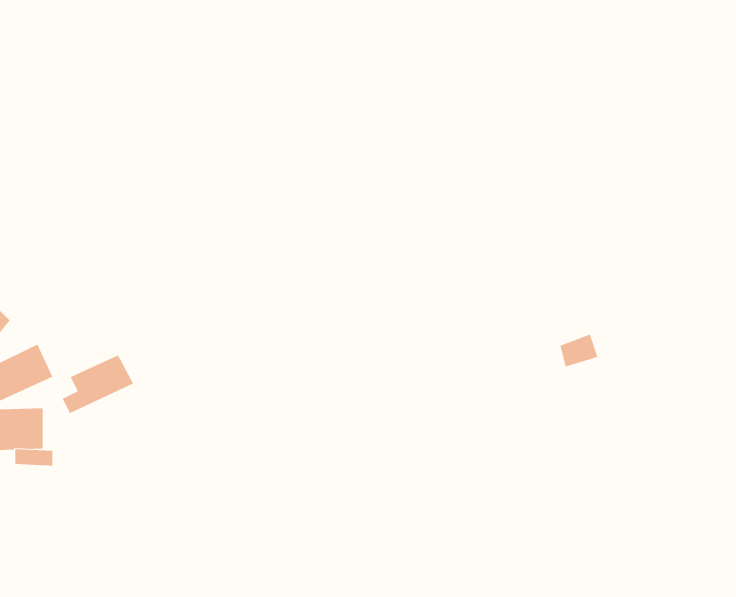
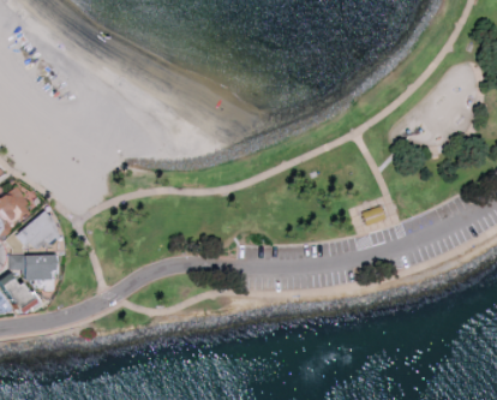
building: [62,354,134,414] -> none

